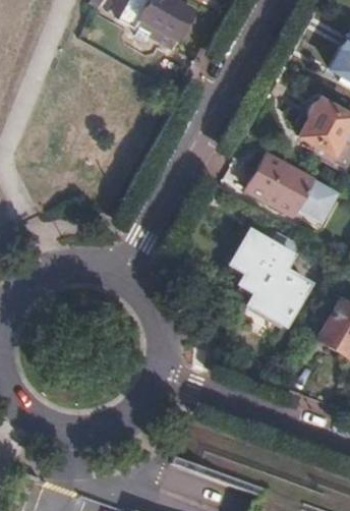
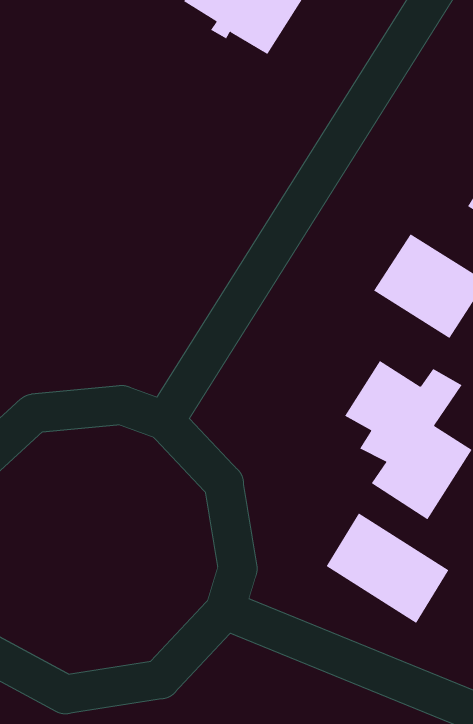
building: none -> [326,513,449,624]

